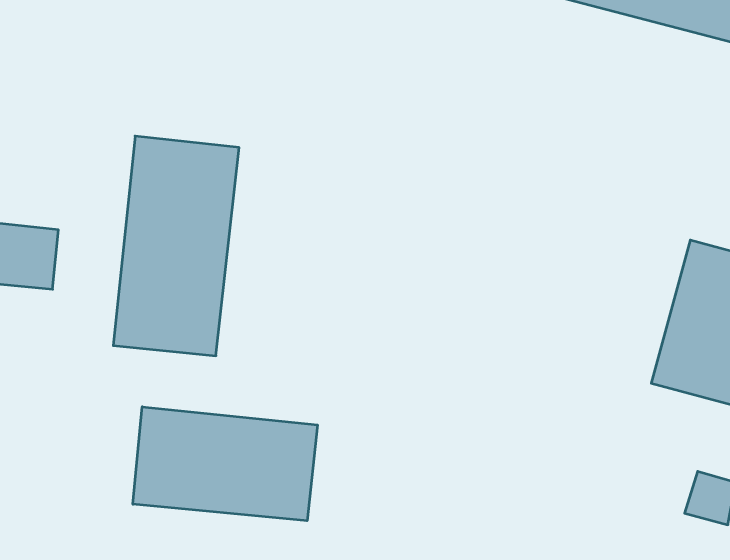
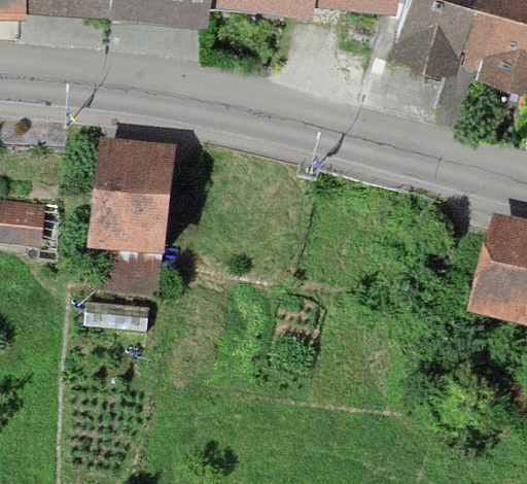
building: [133,407,317,521] -> none

